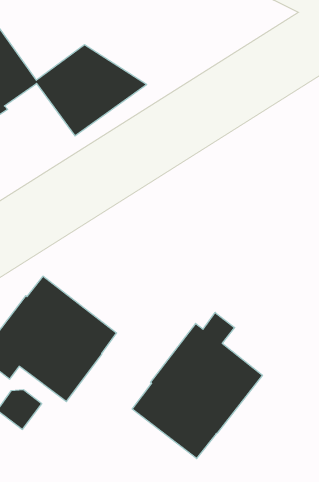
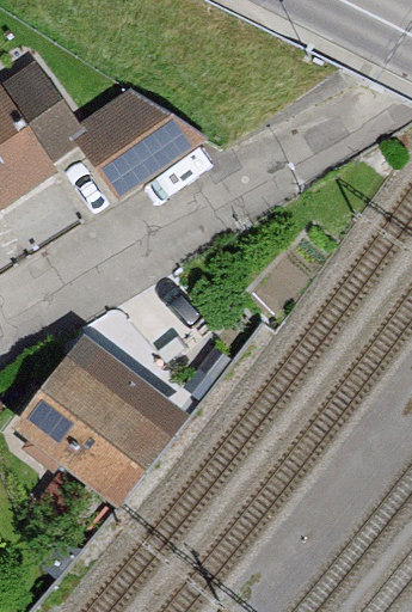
building: [132,312,262,459] -> none

